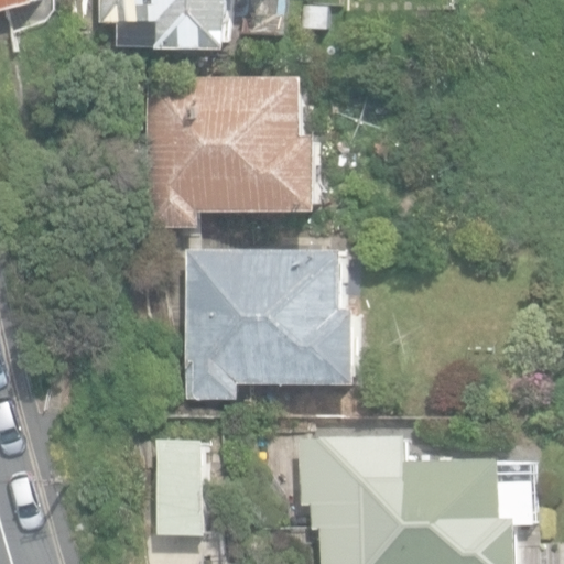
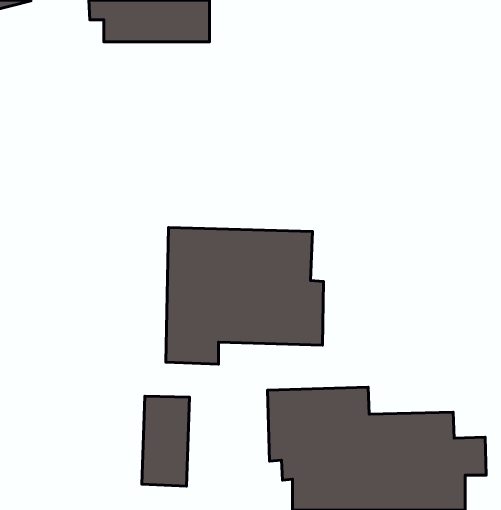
building: [144,77,318,226] -> none

